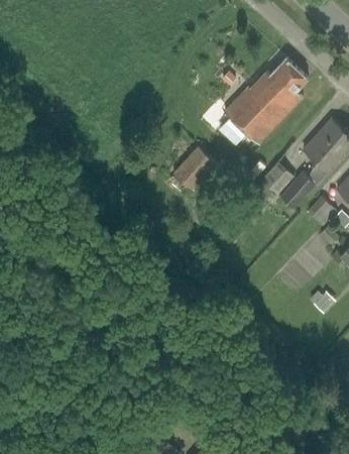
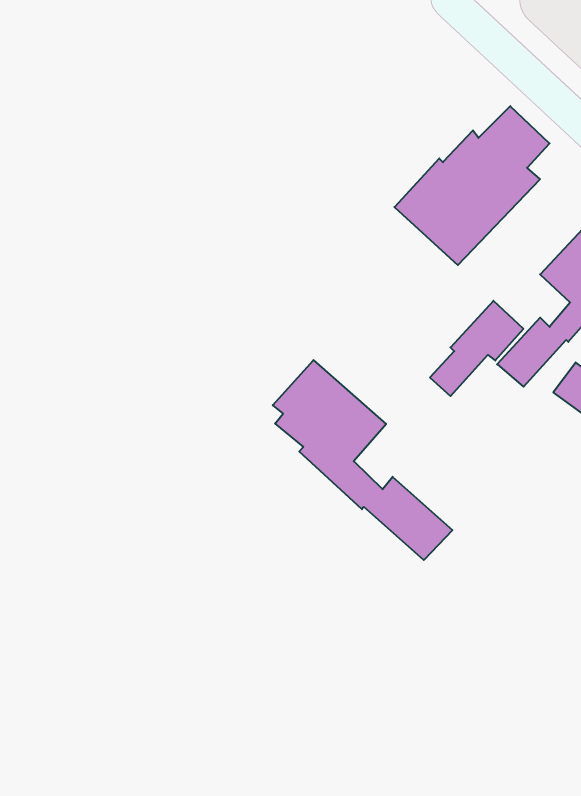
building: [173,147,216,191] -> none
building: none -> [273,360,452,560]

